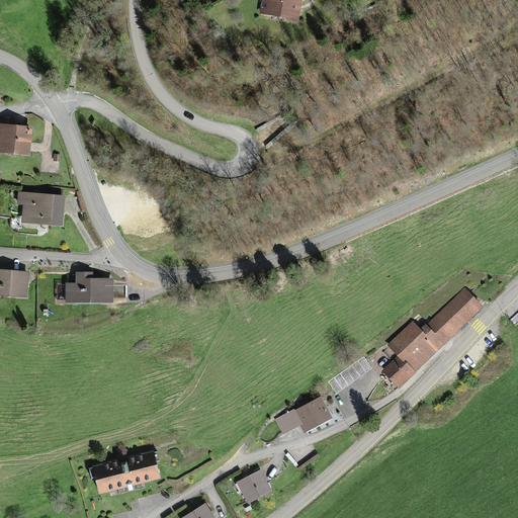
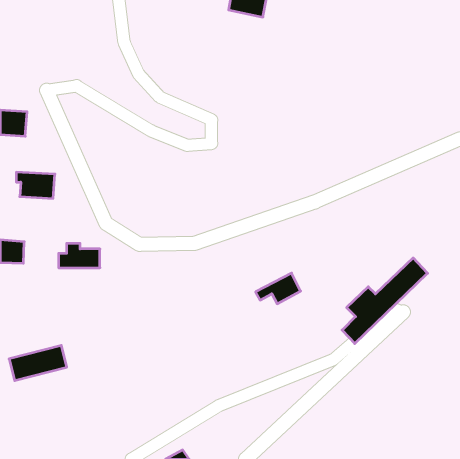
building: [280,397,331,431] -> [256,273,301,304]
building: [93,452,158,492] -> [9,345,67,381]
building: [238,470,270,502] -> none

